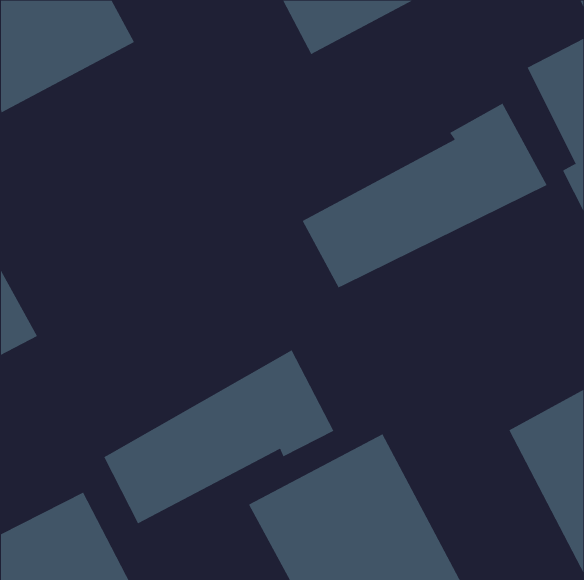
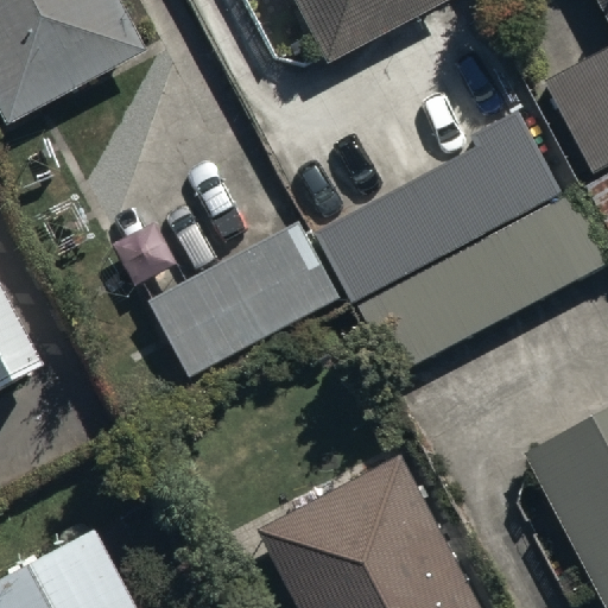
building: none -> [150,223,336,375]
building: [103,349,334,524] -> none

